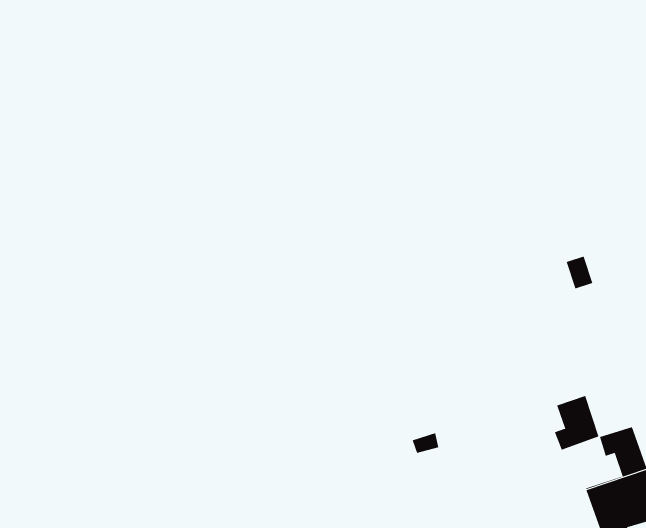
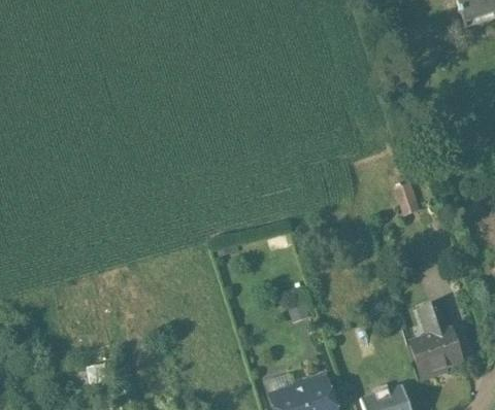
building: [514,395,599,451] -> none

